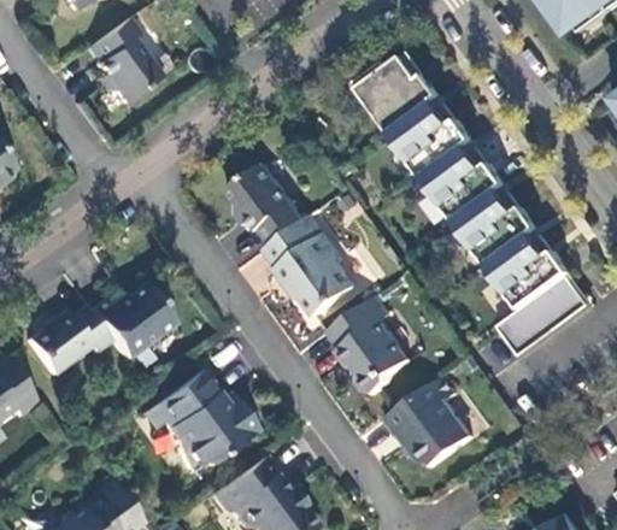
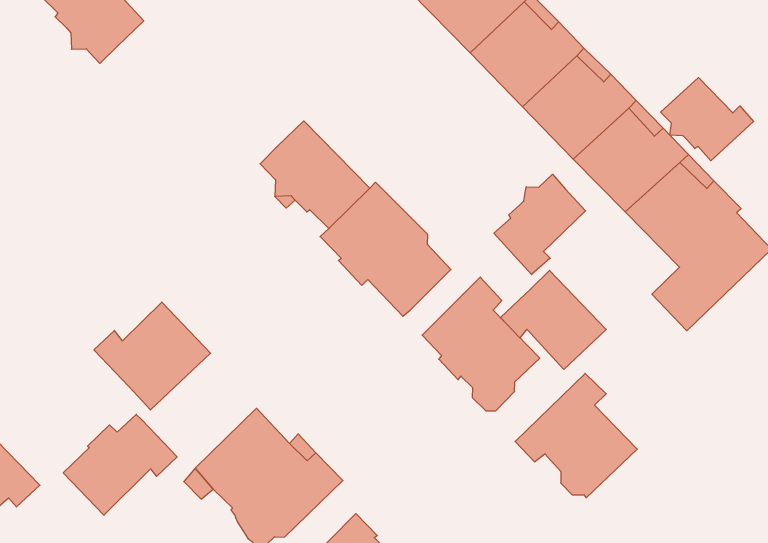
building: none -> [661,78,754,161]
building: none -> [494,174,586,275]
building: none -> [501,270,606,369]
building: [25,306,110,376] -> [63,414,177,515]

